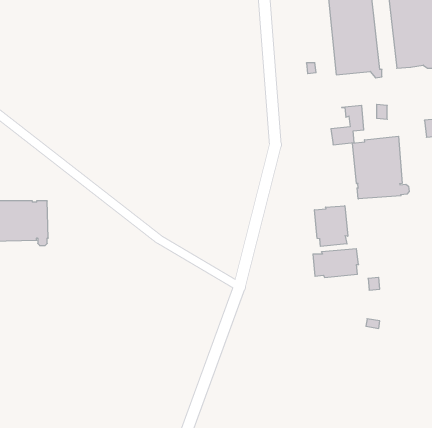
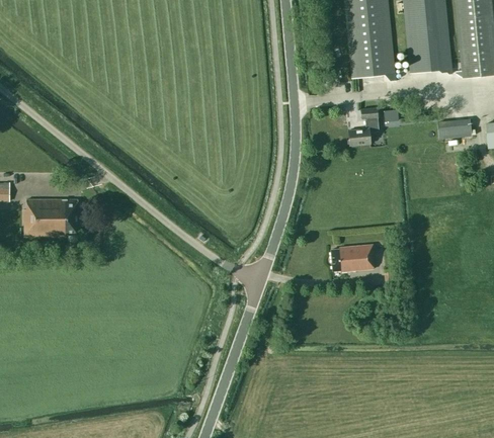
building: [353,136,409,199] -> none
building: [315,206,348,246] -> none

